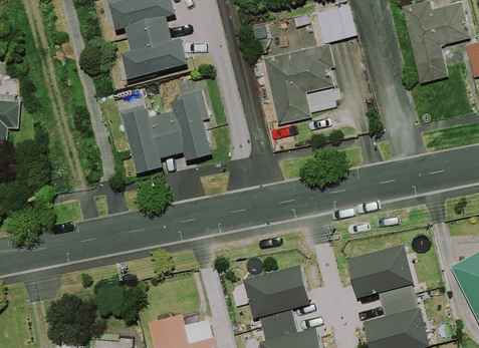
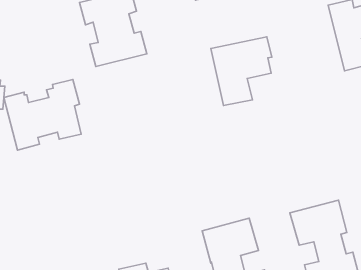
building: [316,7,355,45] -> none
building: [118,91,210,175] -> [4,80,81,150]

